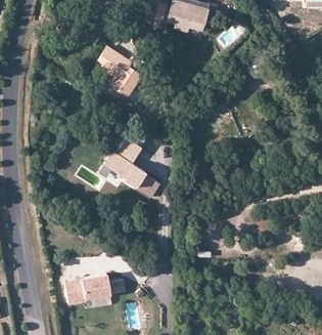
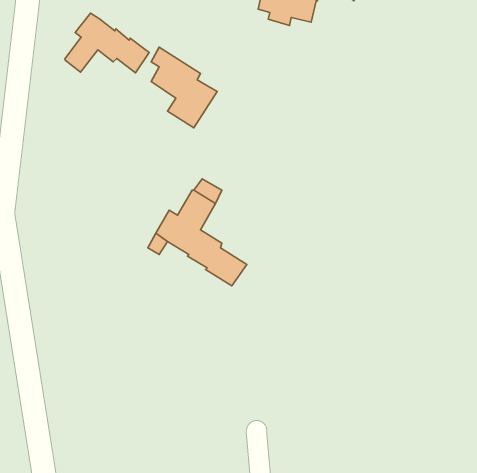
building: none -> [65,13,149,73]
building: [65,275,126,304] -> none

